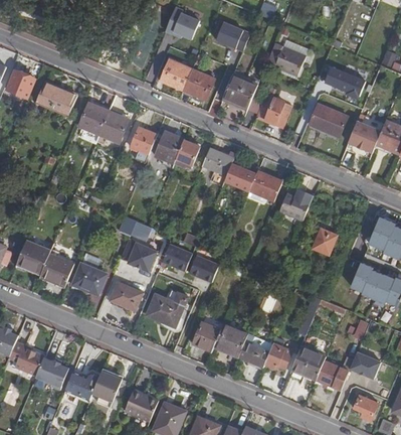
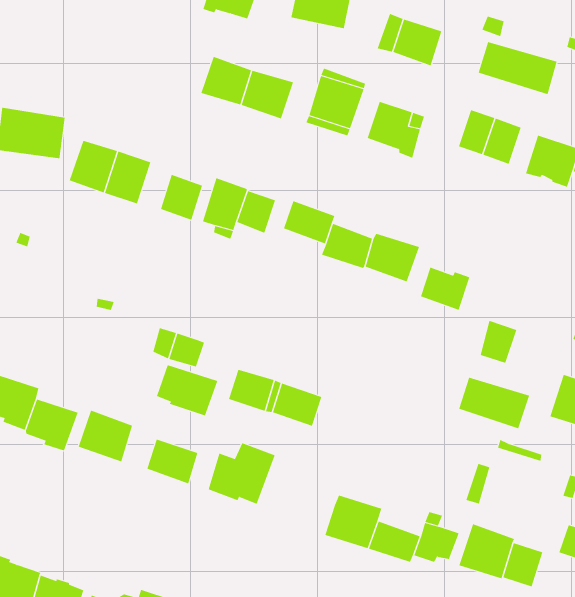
building: none -> [459,377,530,429]
building: [192,321,219,350] -> none

